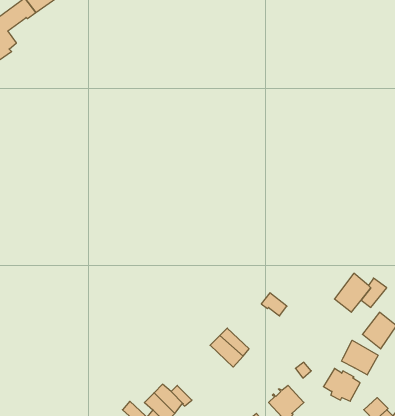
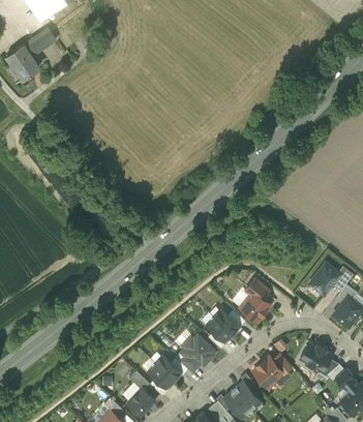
building: none -> [240,291,271,321]
building: [342,340,378,375] -> none
building: none -> [181,335,213,367]

